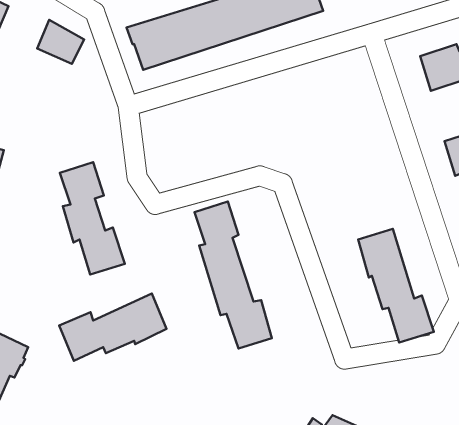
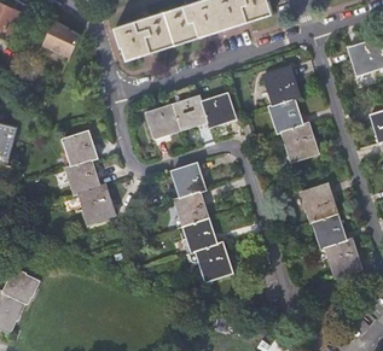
building: none -> [265,69,318,162]
building: none -> [146,94,237,140]
building: [59,293,166,361] -> none

